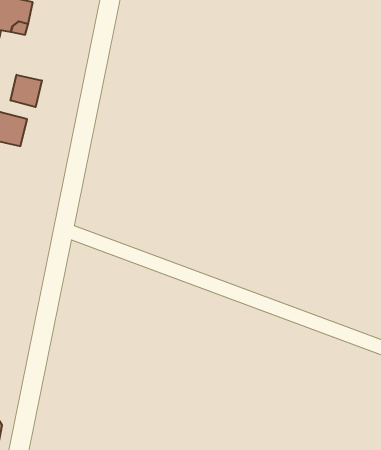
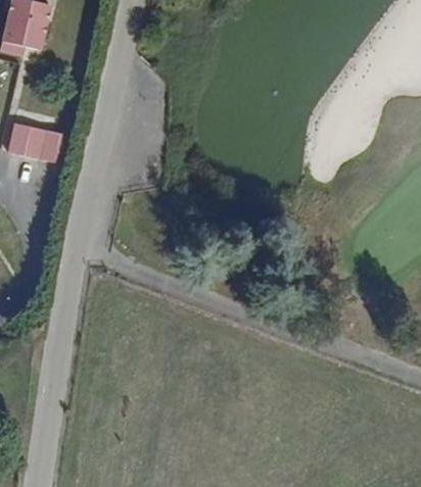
building: [11,75,42,107] -> none

